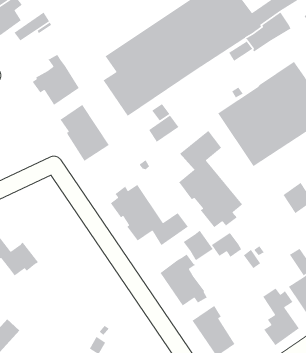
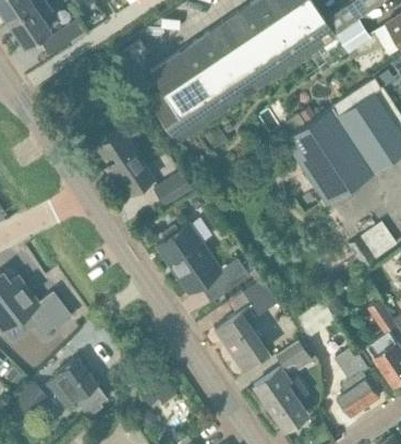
building: [32,54,80,106] -> none
building: [148,114,179,143] -> [154,171,191,205]
building: [178,130,243,228] -> none
building: [211,232,242,258] -> [274,340,311,371]
building: none -> [45,358,107,418]

